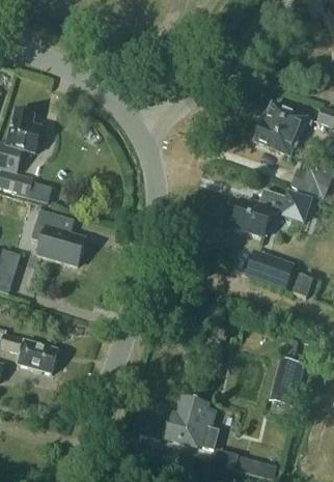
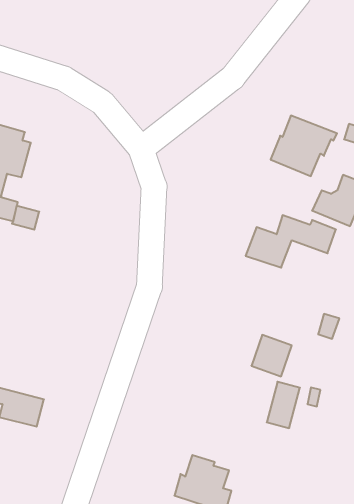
building: [30,207,84,263] -> none
building: [259,253,295,289] -> [251,335,292,376]
building: [275,358,304,398] -> [267,382,300,428]

